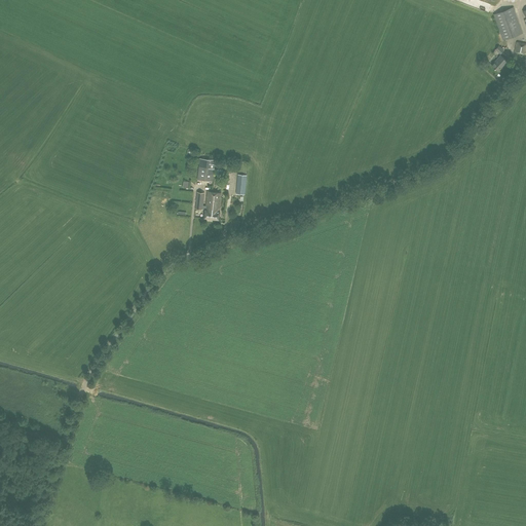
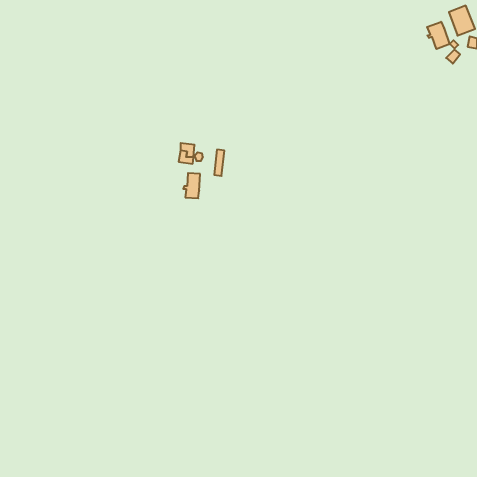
building: none -> [427,22,450,49]

